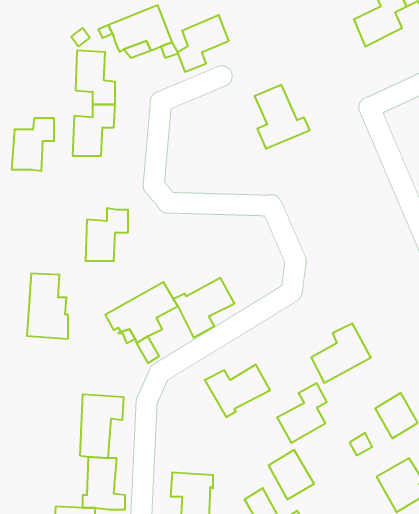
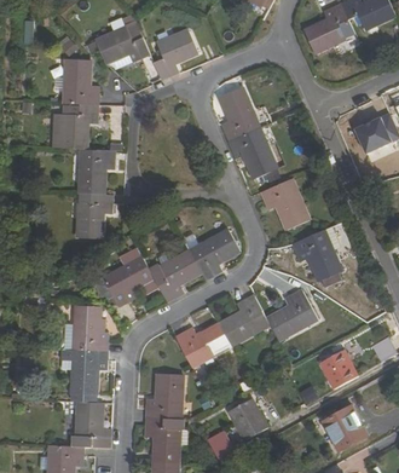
building: [12,118,54,171] -> [75,149,111,194]
building: none -> [227,128,277,185]
building: none -> [260,178,310,229]
building: none -> [290,227,341,288]
building: none -> [189,230,239,282]
building: [27,273,68,339] -> [71,298,106,353]
building: [277,383,327,443] -> [219,296,261,347]
building: none -> [148,374,184,419]

